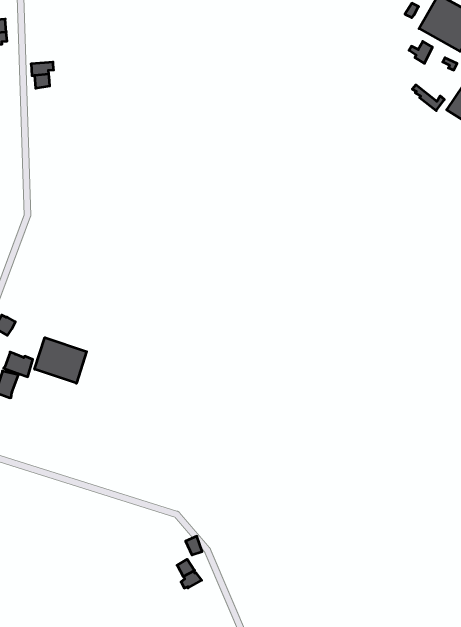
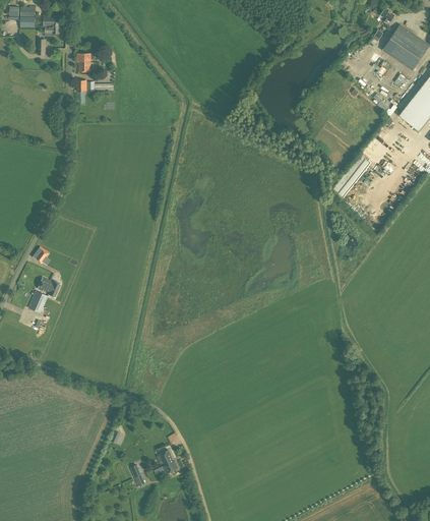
building: [35,338,87,383] -> none

